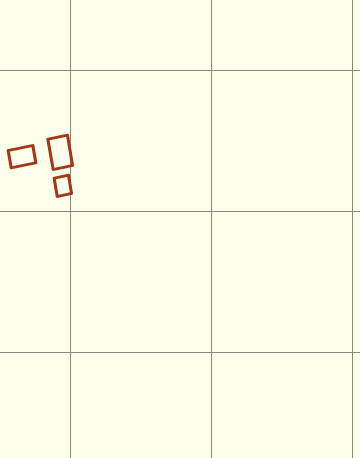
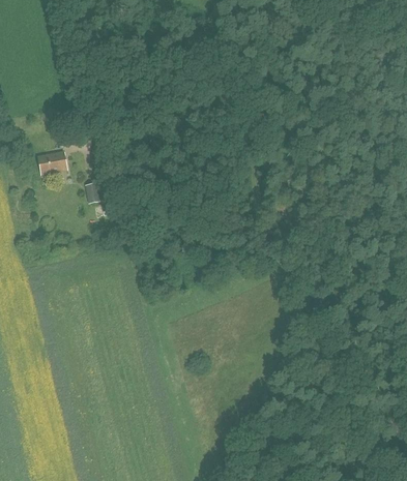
building: [48,135,72,170] -> none

